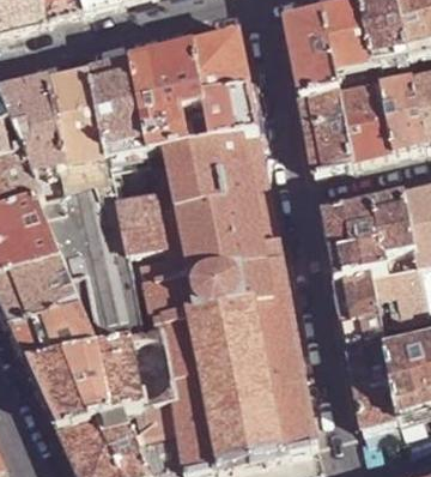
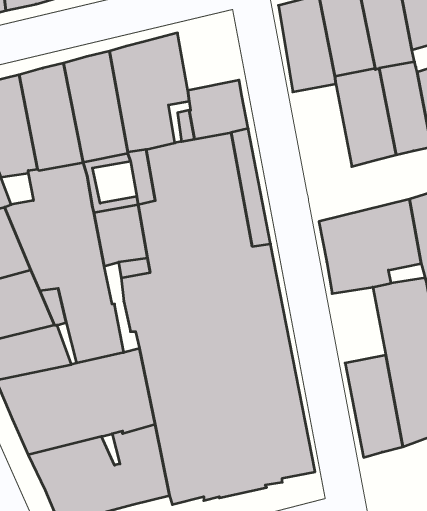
building: [193,25,249,90] -> none
building: [298,84,352,168] -> none
building: [334,270,383,339] -> none

